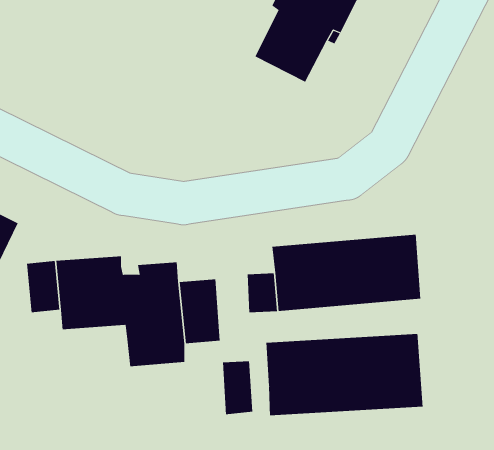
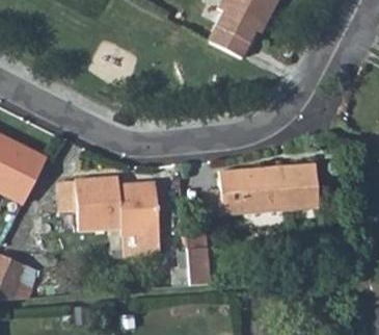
building: [266,333,423,416] -> none

